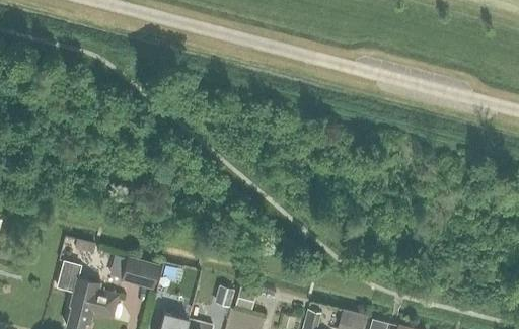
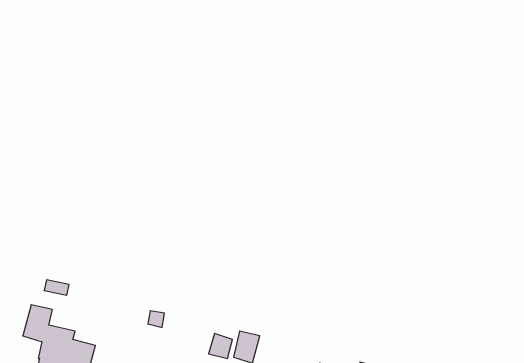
building: [120,256,158,289] -> none

